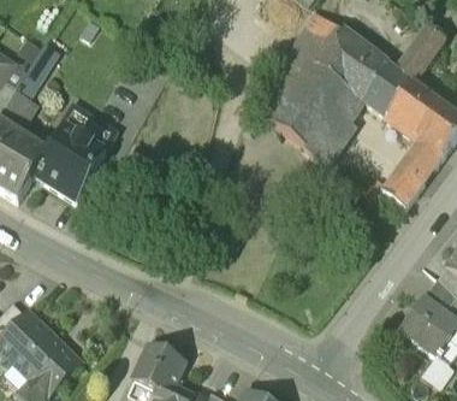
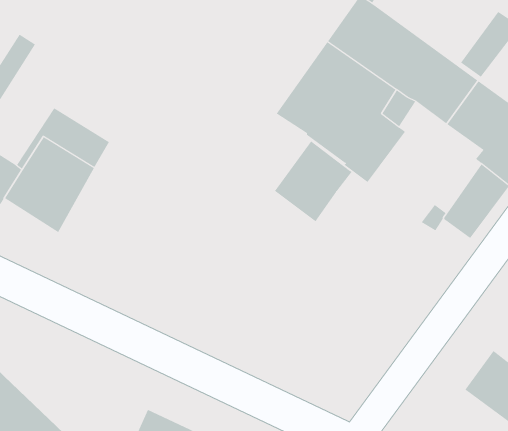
building: none -> [274,141,353,222]

